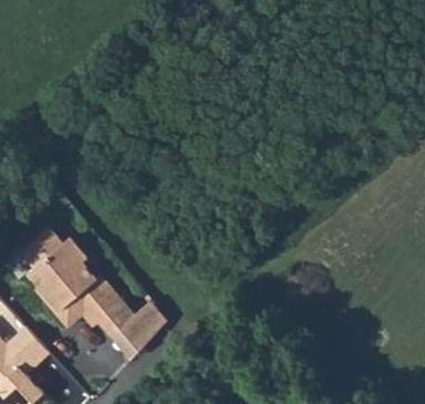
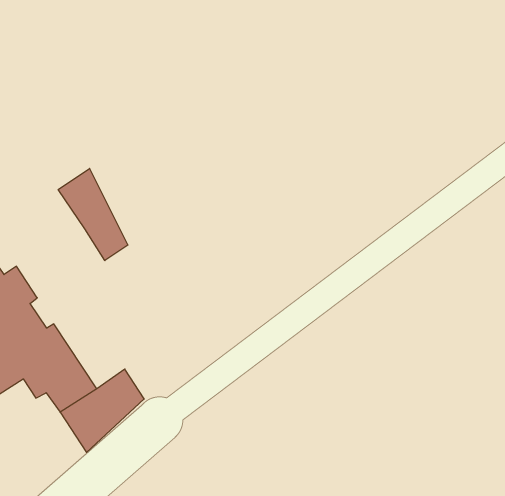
building: none -> [58,168,128,261]

